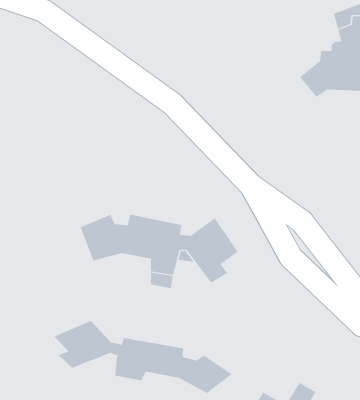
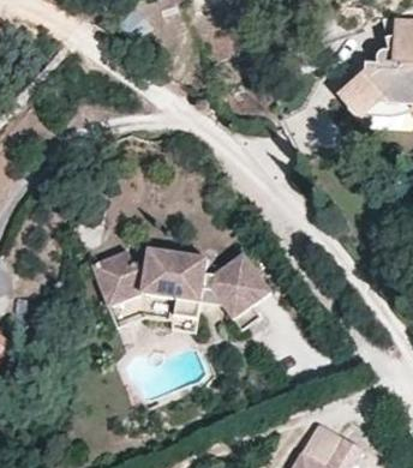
building: [54,320,233,394] -> none

